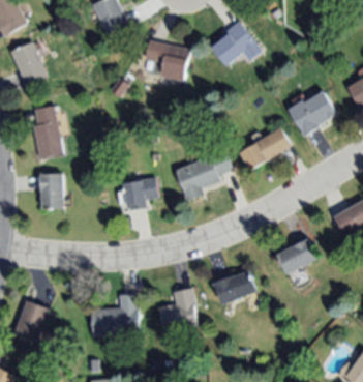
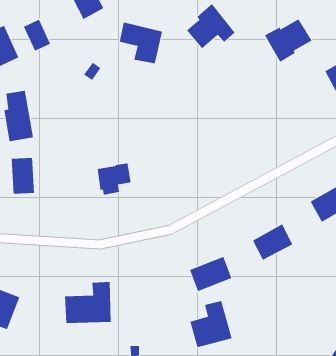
building: none -> [23,19,51,52]
building: [288,91,335,135] -> [264,18,312,63]
building: [240,126,290,169] -> none
building: [175,150,232,201] -> none
building: [158,288,201,334] -> [189,301,232,348]

